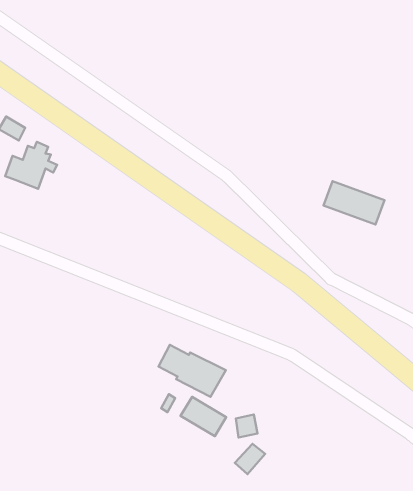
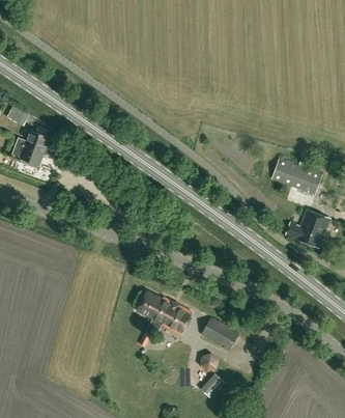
building: none -> [286,210,329,248]
building: [181,397,226,436] -> [201,318,238,351]

